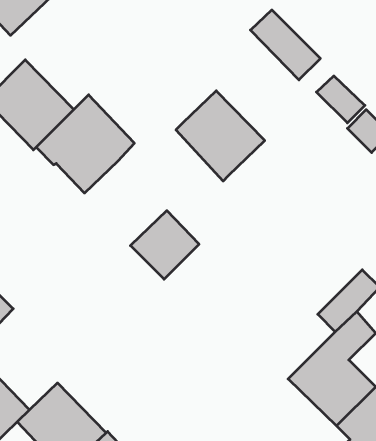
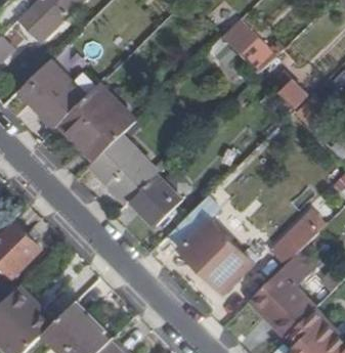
building: [176,91,265,181] -> [89,136,157,205]
building: none -> [173,198,255,295]

